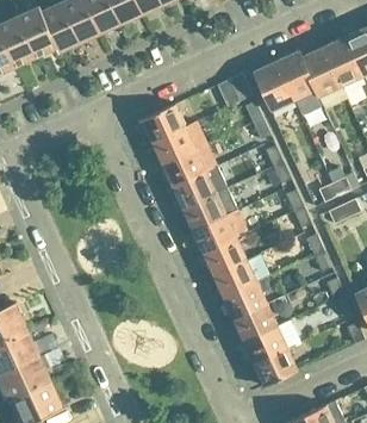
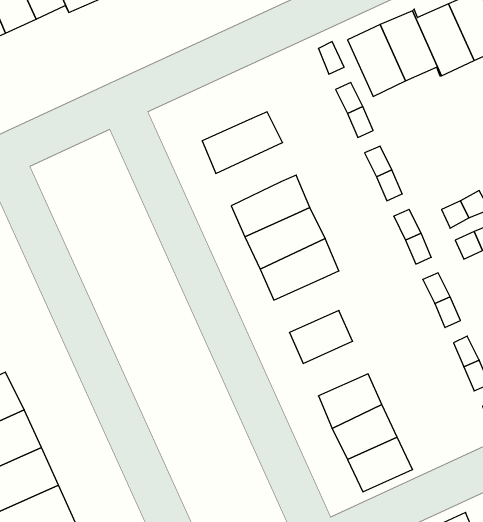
building: [141,104,186,142] -> none
building: [161,143,217,187] -> none
building: [201,237,247,275] -> none
building: [222,281,267,319] -> none

